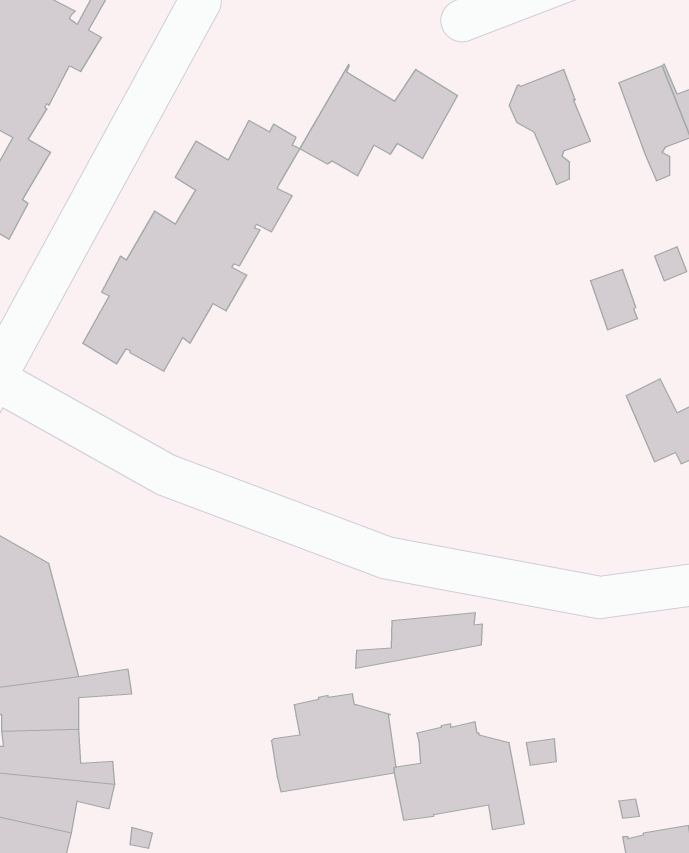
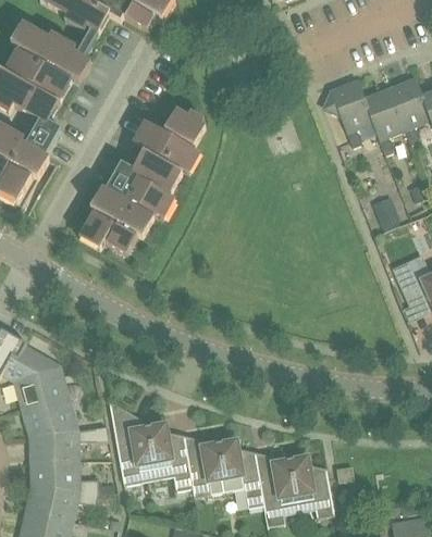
building: [300,64,457,176] -> none
building: none -> [362,86,404,152]
building: [356,613,482,668] -> none
building: none -> [108,398,192,488]

